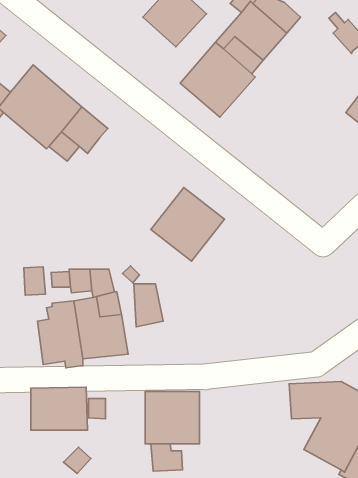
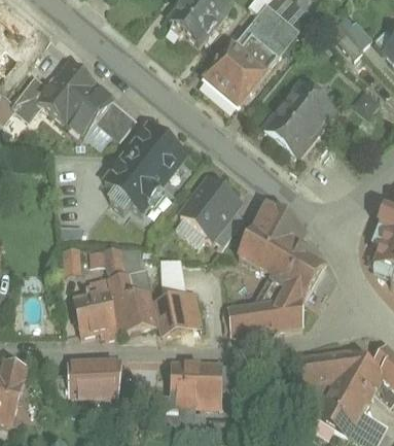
building: none -> [259,77,343,162]
building: none -> [99,121,187,216]
building: none -> [227,201,326,336]
building: none -> [152,294,199,336]

